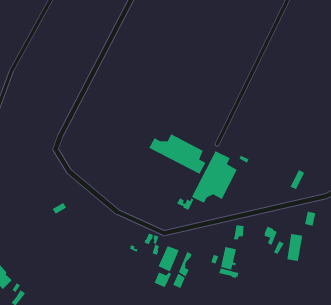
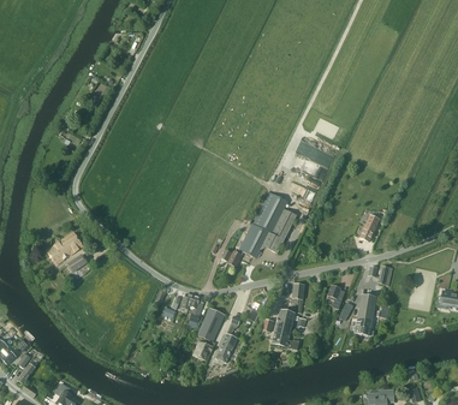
building: [148,133,207,175] -> none
building: none -> [46,232,83,266]

